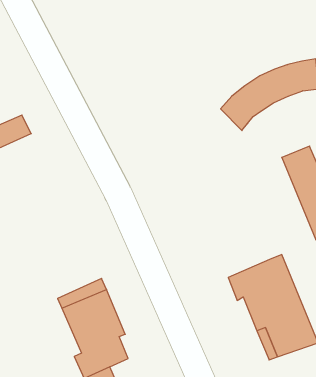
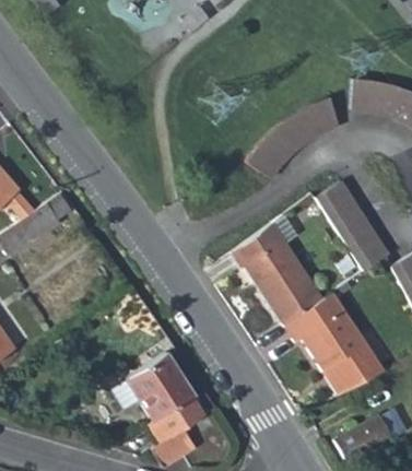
building: none -> [233,221,322,325]

